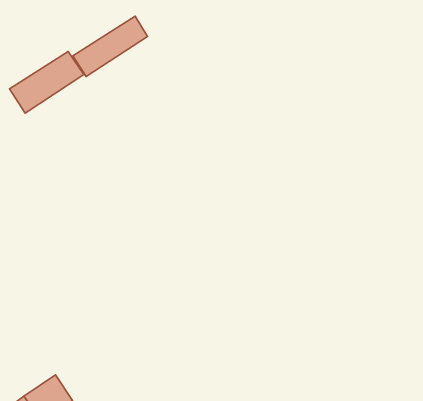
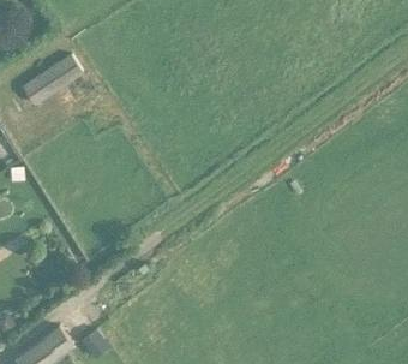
building: [73,16,147,77] -> none

